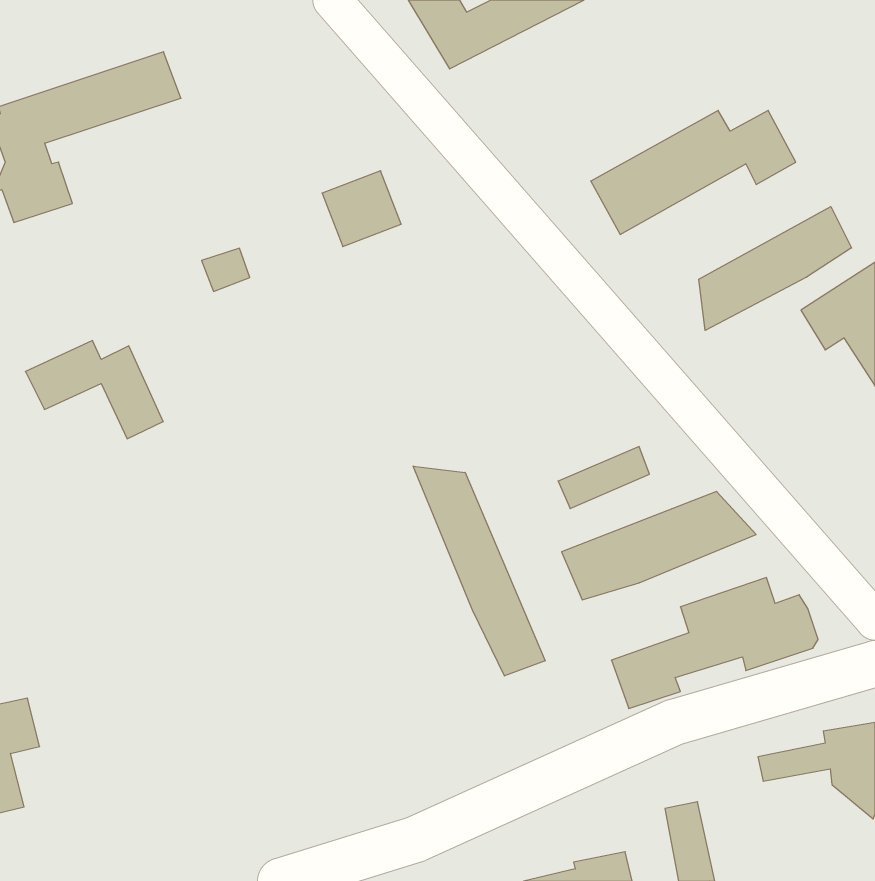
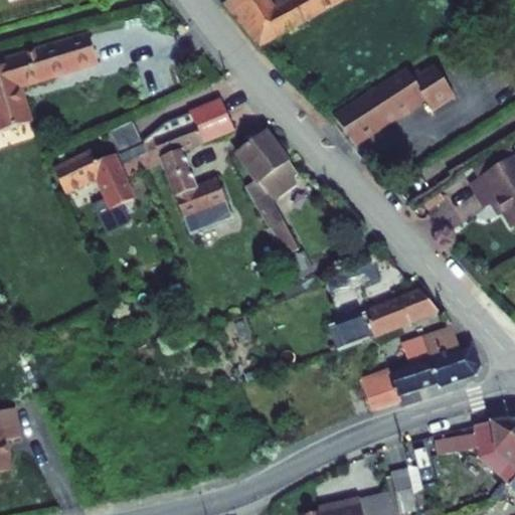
building: none -> [154,118,226,222]
building: [699,207,852,330] -> none
building: none -> [232,134,302,260]
building: [25,341,163,439] -> [51,152,132,209]
building: [413,466,545,676] -> none

